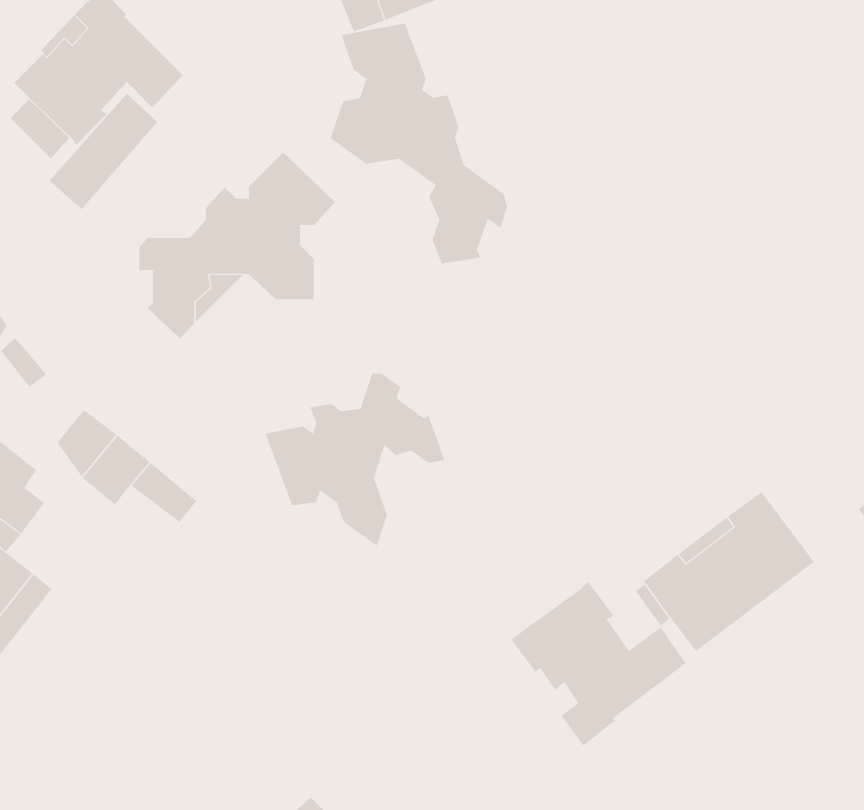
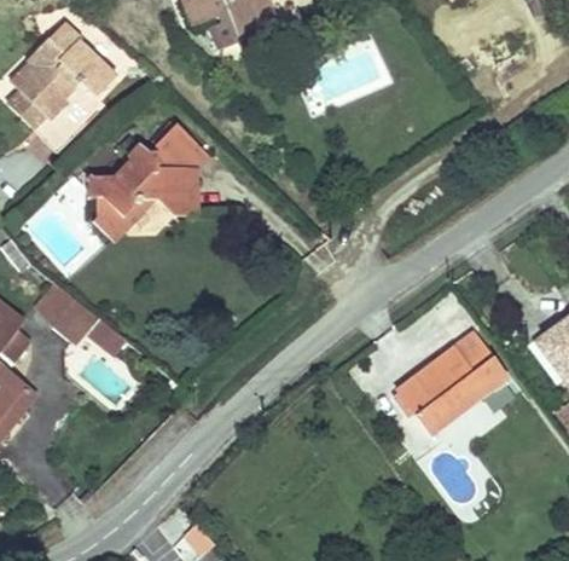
building: [330,23,508,264] -> none
building: [265,373,445,547] -> none
building: [510,581,687,746] -> none

